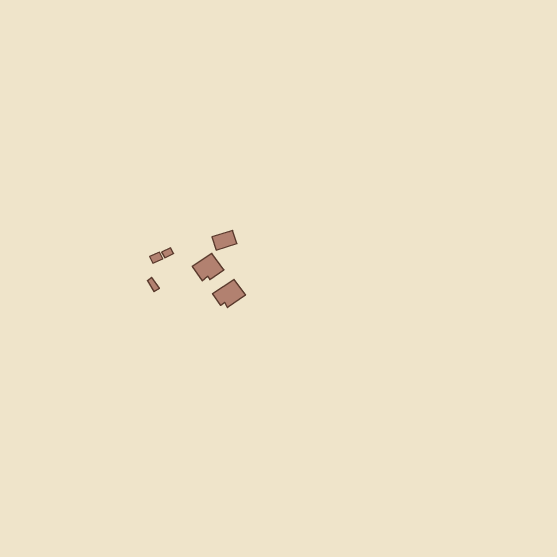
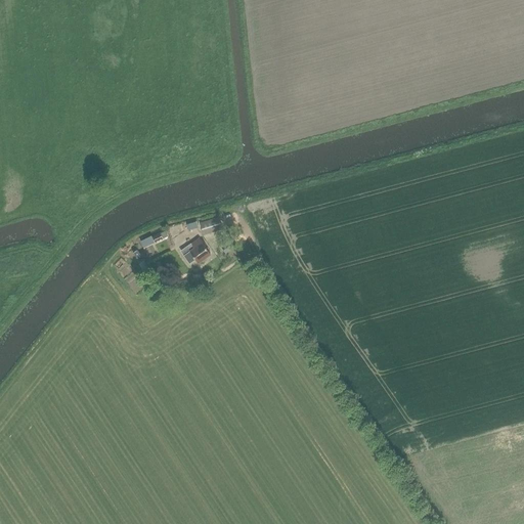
building: [213,279,245,308] -> none

